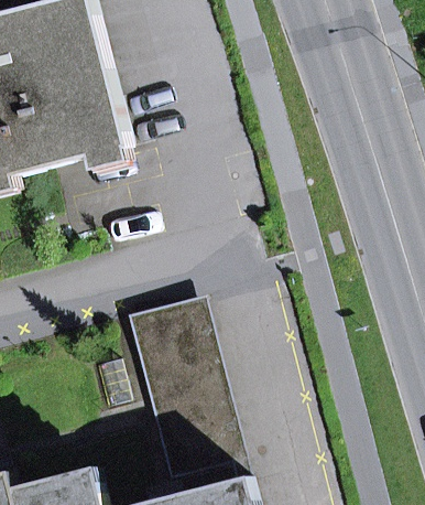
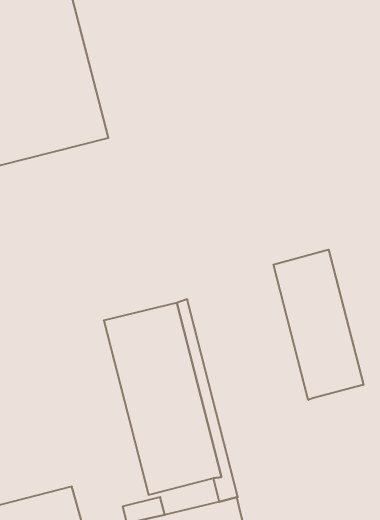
building: none -> [273,250,363,400]

